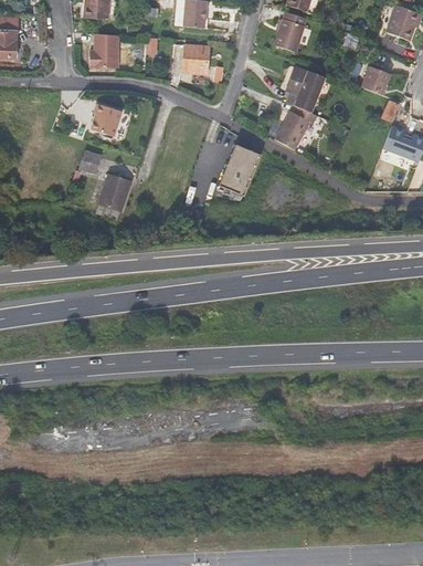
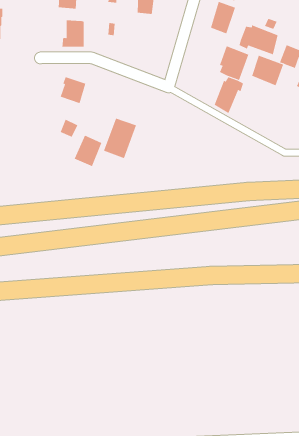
building: none -> [239,24,278,55]
building: [182,44,209,73] -> none
building: none -> [251,55,284,86]
building: [215,150,257,201] -> [103,118,137,159]

